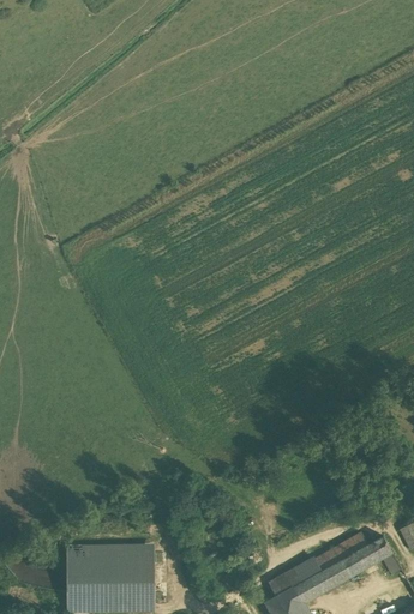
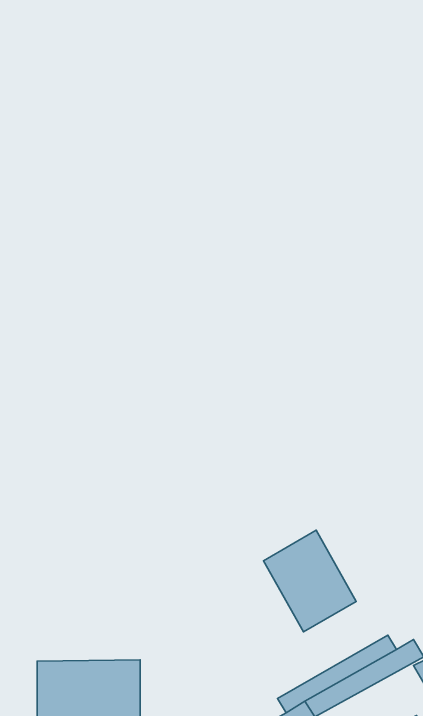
building: none -> [263,530,356,632]

